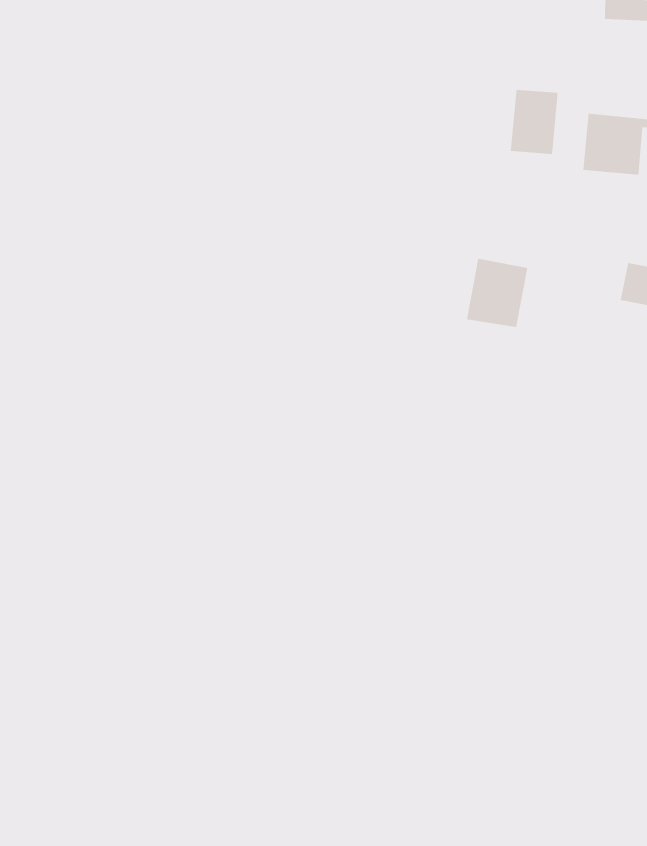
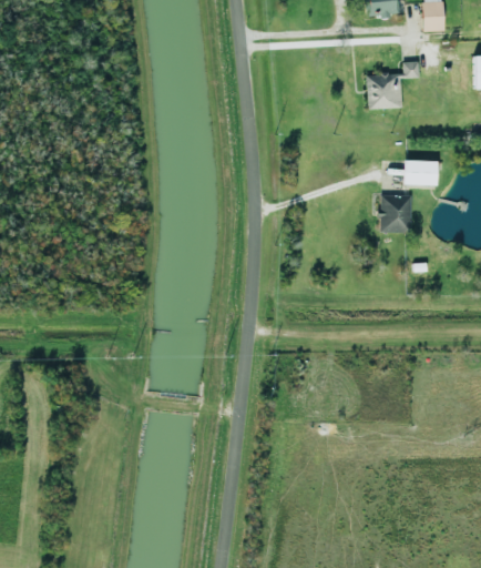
building: [510,89,558,155] -> none
building: [466,258,528,327] -> [380,194,412,232]

